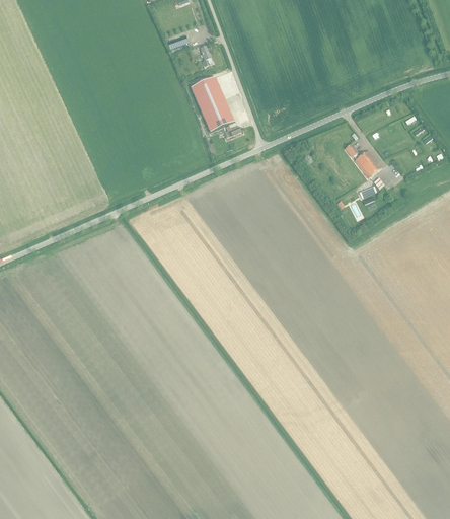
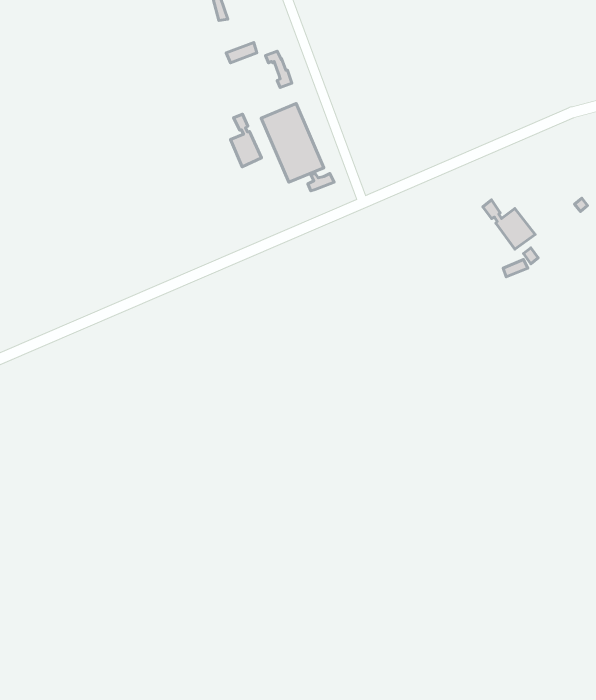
building: none -> [231,114,262,167]

